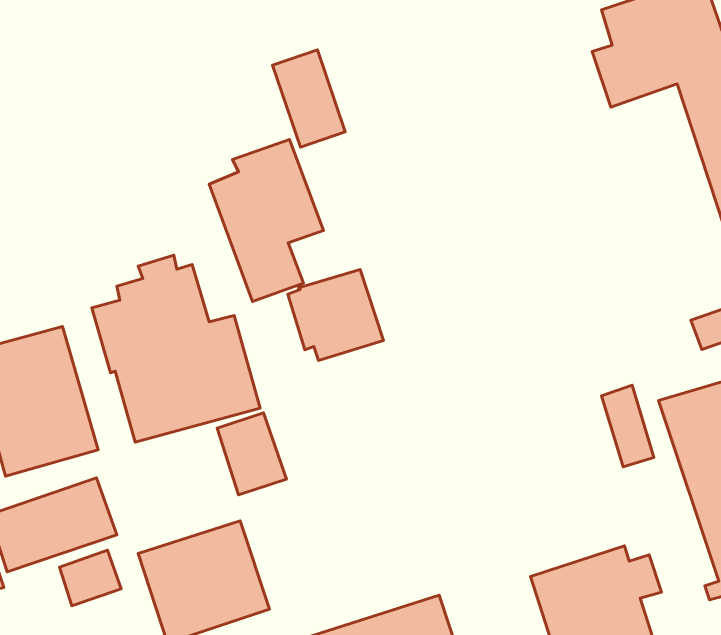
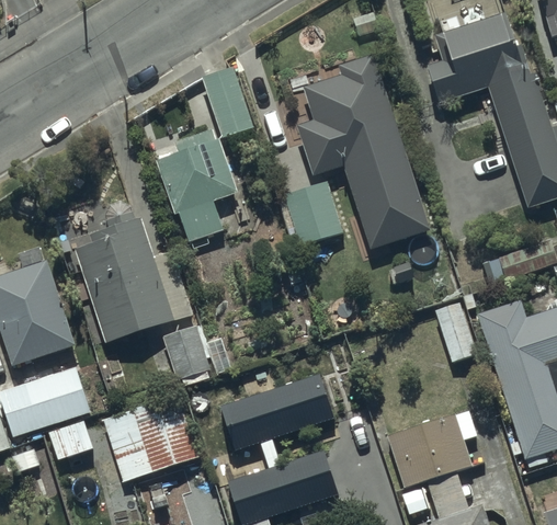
building: none -> [297,53,430,250]
building: [288,269,383,361] -> [275,181,343,246]
building: none -> [217,375,330,452]

